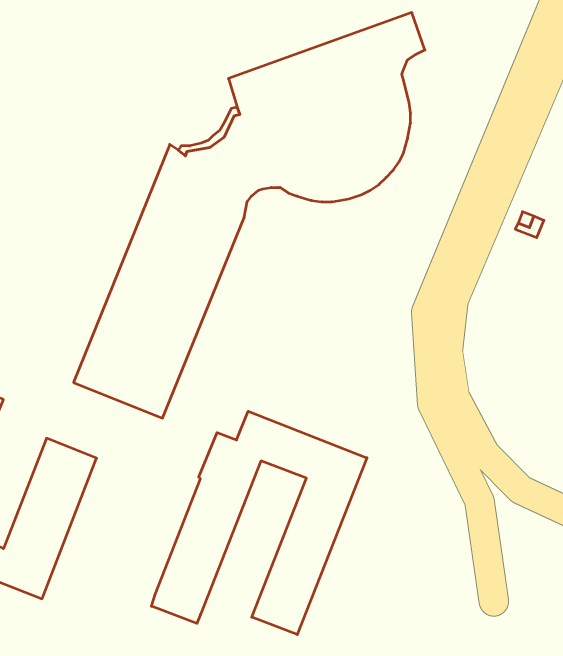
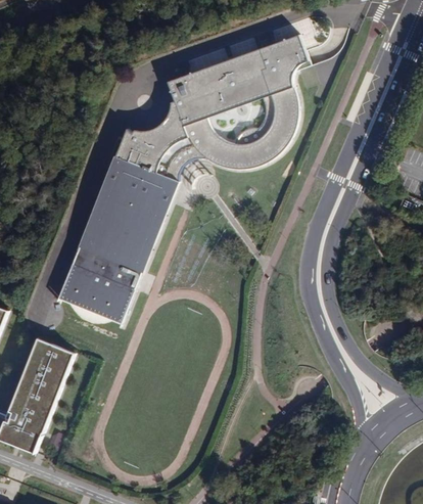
building: [151,411,367,635] -> none

